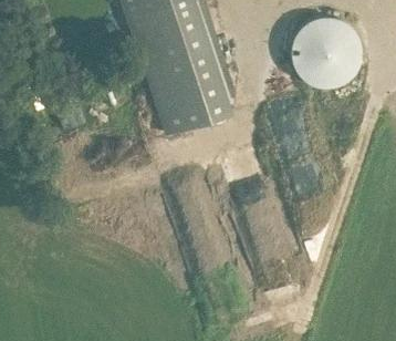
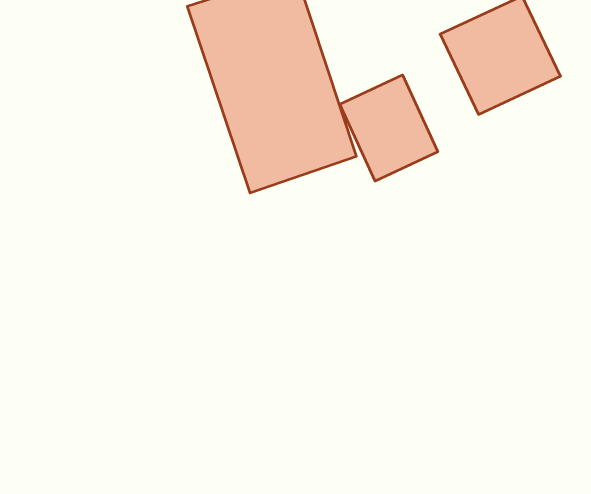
building: none -> [340,75,438,181]

